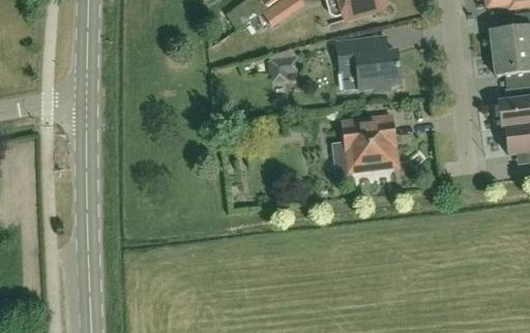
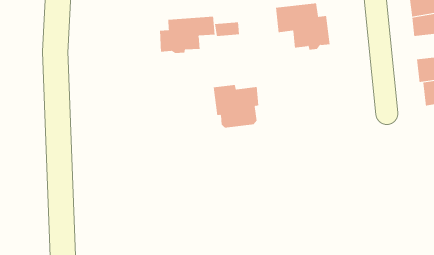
building: none -> [159,16,215,54]
building: [341,117,393,166] -> [213,85,259,128]

